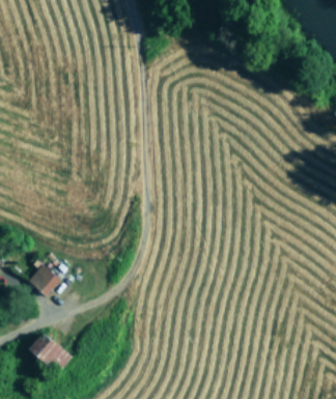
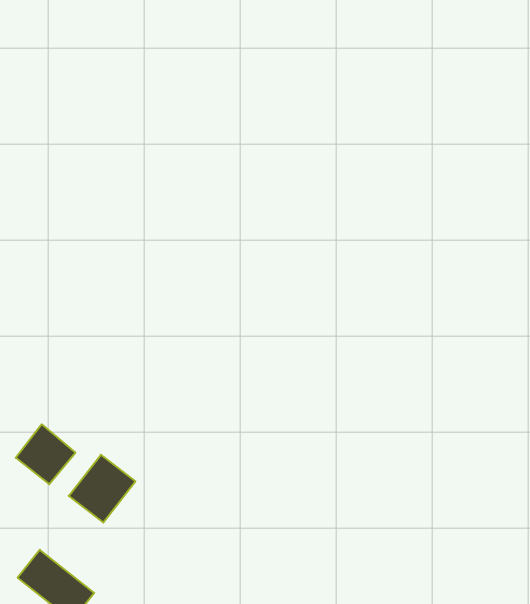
building: none -> [69,455,135,523]

